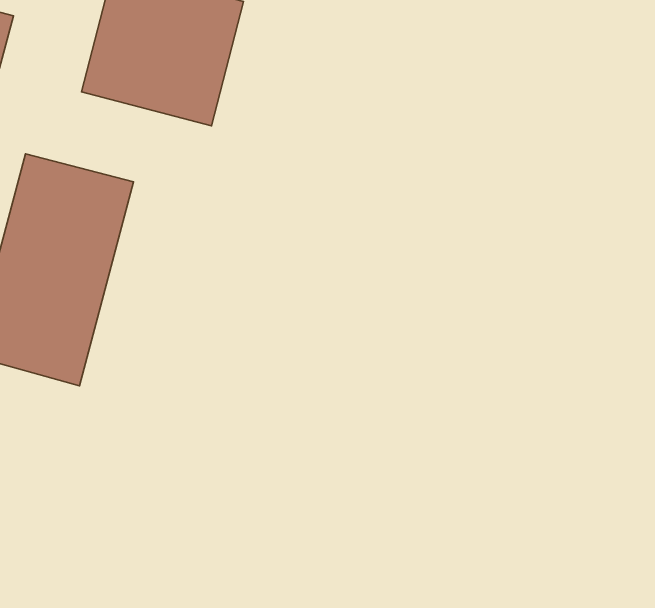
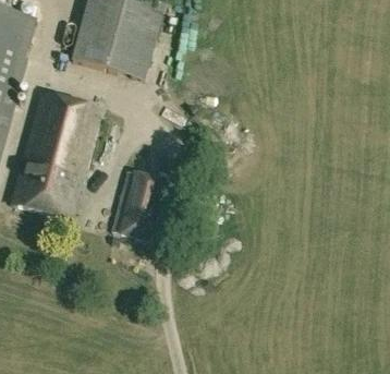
building: none -> [112,169,172,241]

